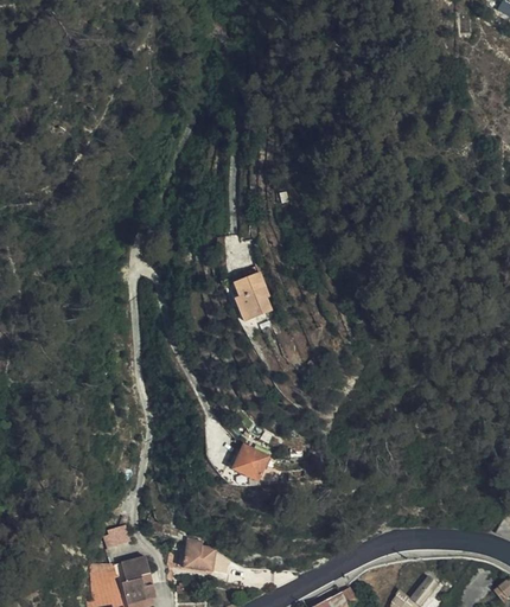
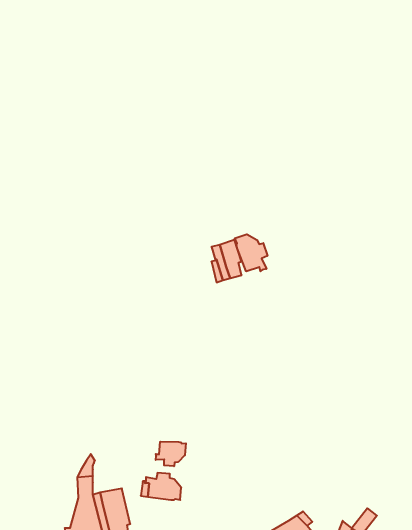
building: none -> [235,234,267,271]
building: [230,443,268,479] -> none
building: none -> [156,442,186,466]

